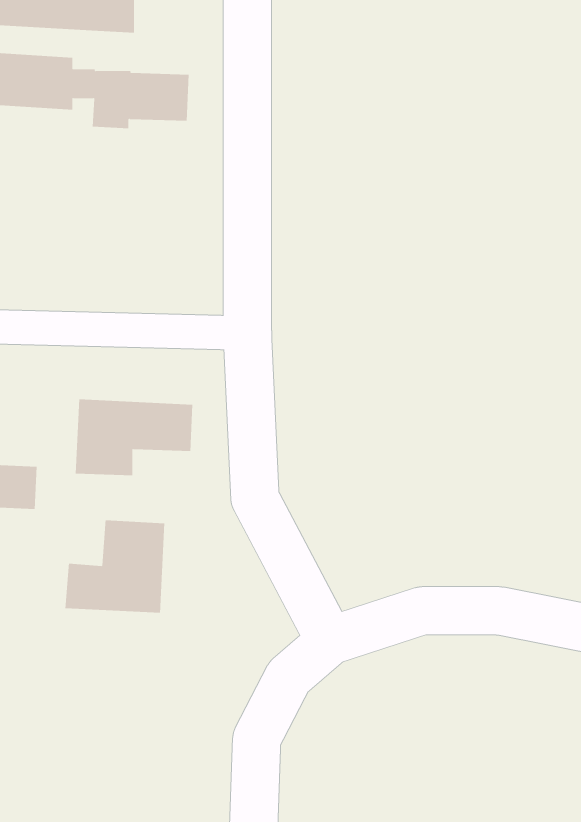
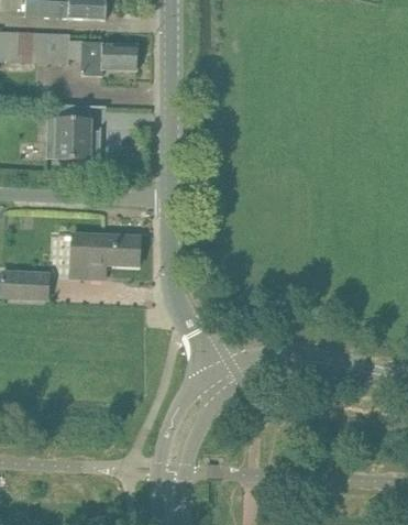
building: none -> [46,106,106,173]
building: [65,519,165,613] -> none

